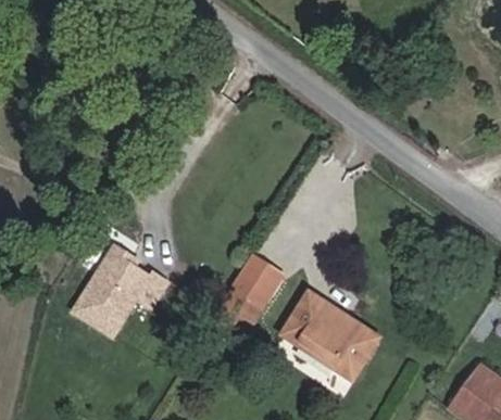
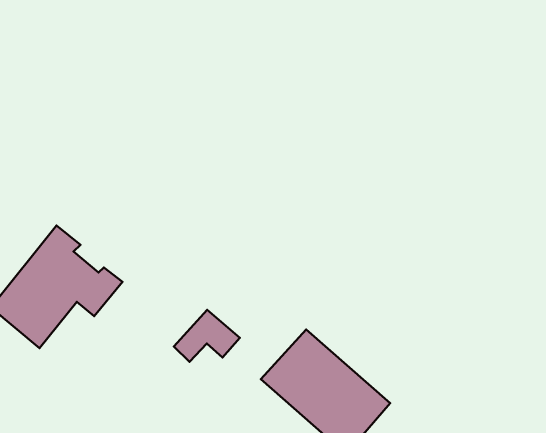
building: [235,257,283,305] -> none

